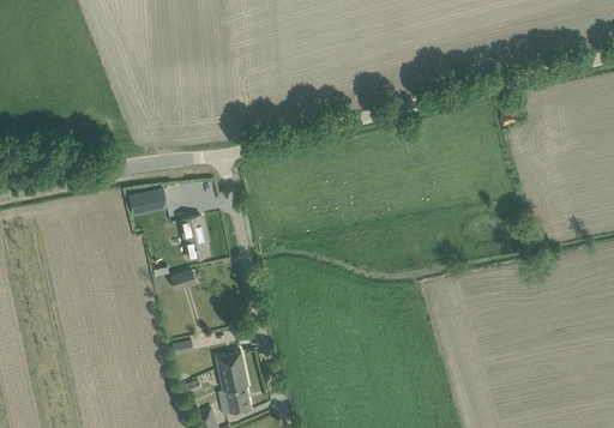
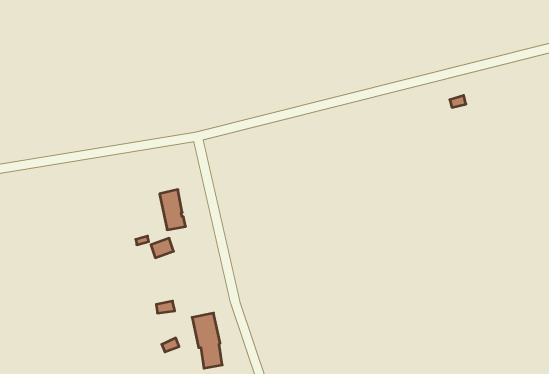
building: [127,191,165,216] -> none

